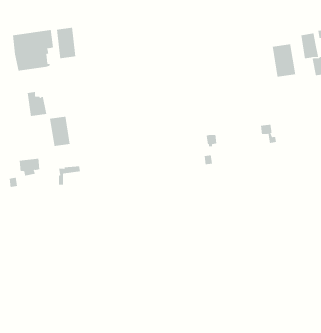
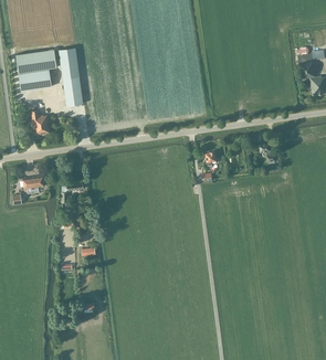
building: [272,44,296,78] -> none
building: [49,116,71,147] -> [62,75,83,105]

